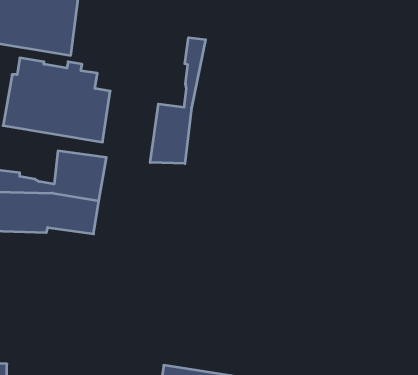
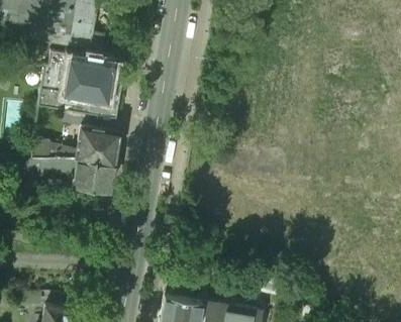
building: [150,38,206,164] -> none

